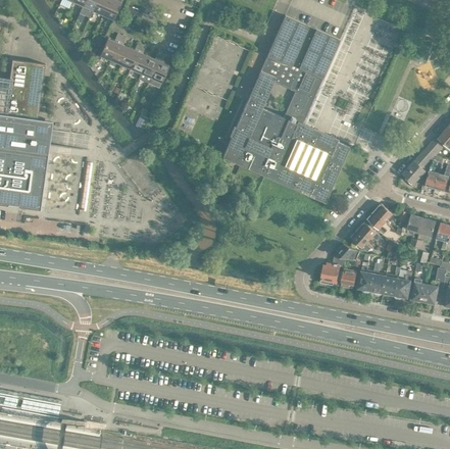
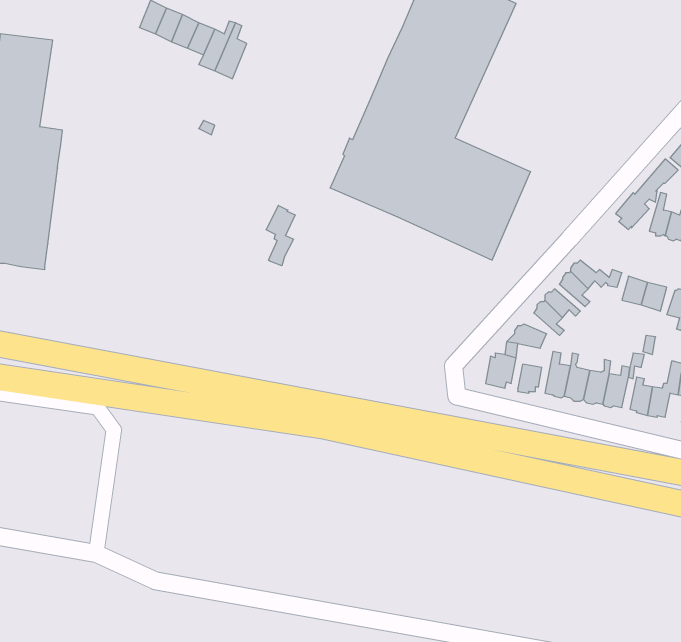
building: none -> [266,205,295,266]

